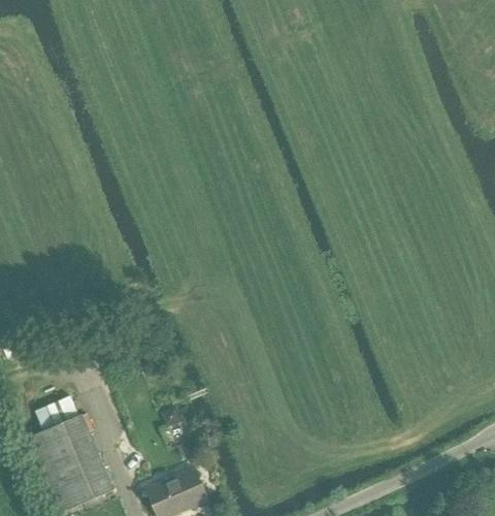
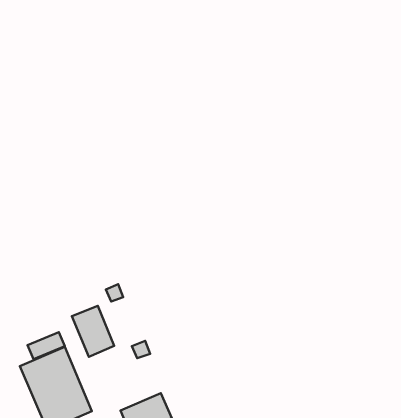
building: none -> [72,306,114,357]

